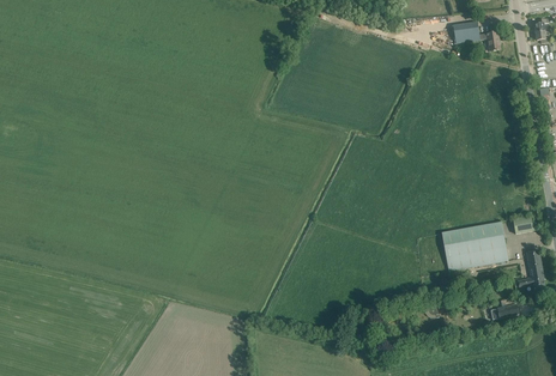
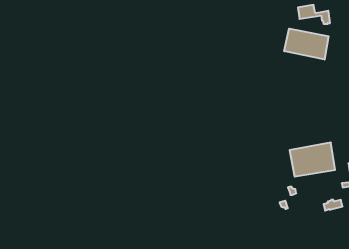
building: none -> [284,29,329,60]

